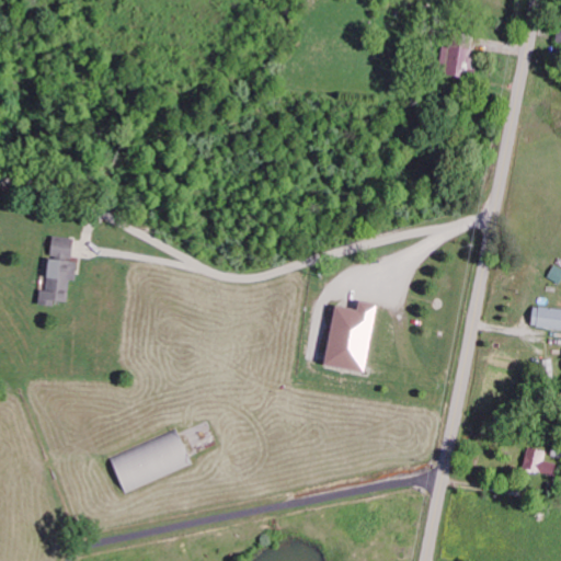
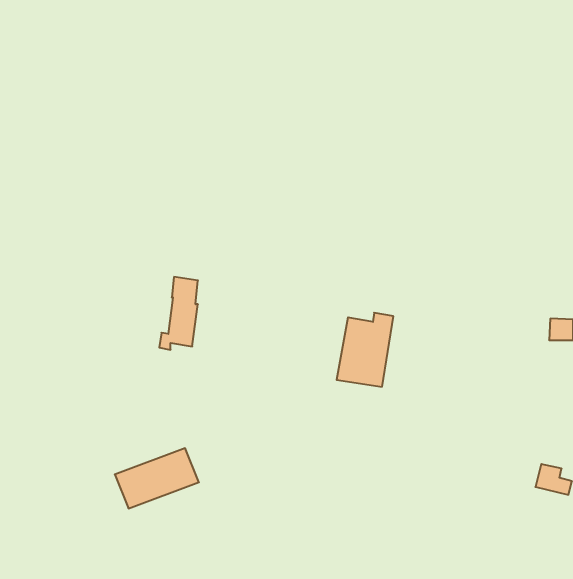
building: [439,44,468,68] -> none
building: [35,236,72,306] -> [159,277,198,350]

